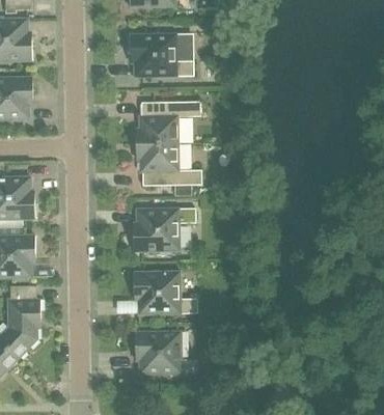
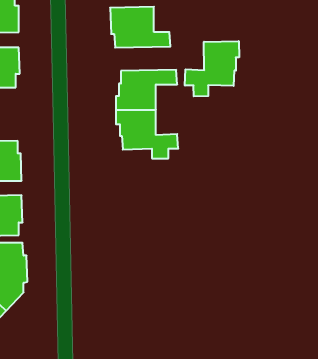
building: none -> [185,41,239,96]
building: [132,208,195,251] -> none
building: [133,271,196,314] -> none
building: [134,331,197,374] -> none

